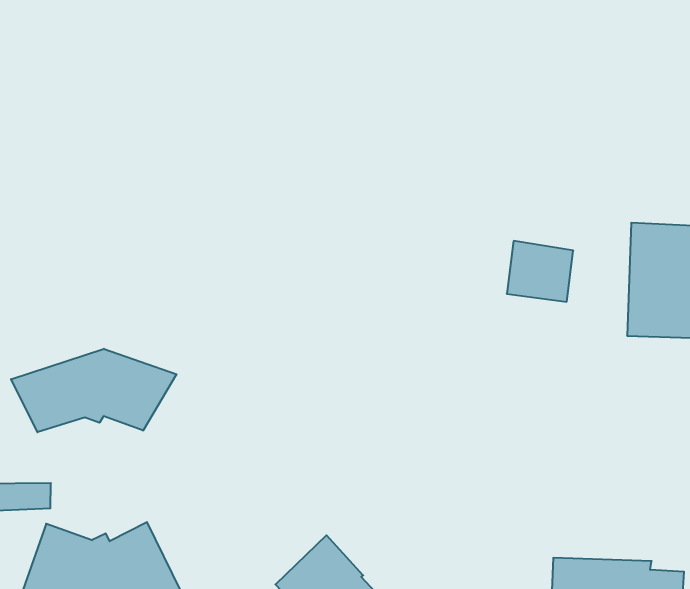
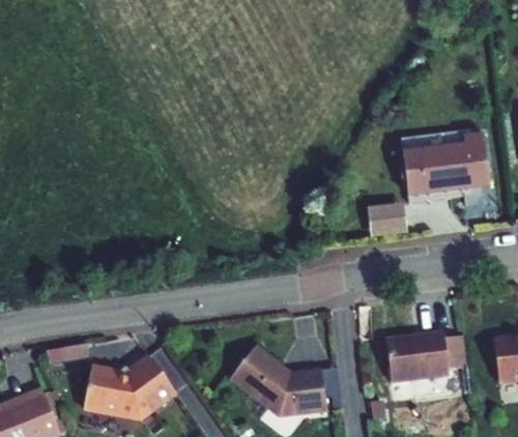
building: [507,241,573,302] -> [370,203,406,234]
building: [11,349,177,432] -> none

